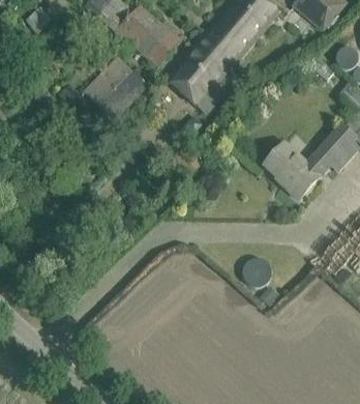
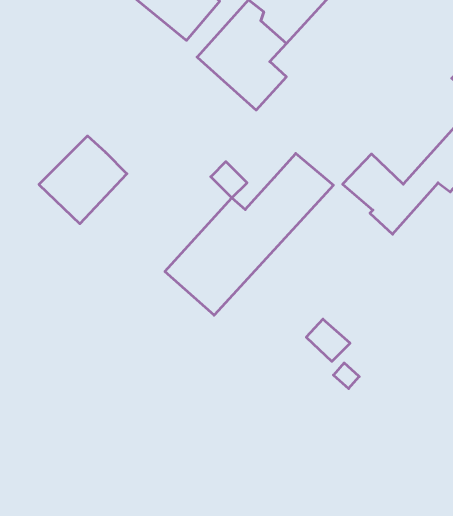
building: [85,59,145,119] -> [39,136,127,224]
building: none -> [165,153,333,315]

